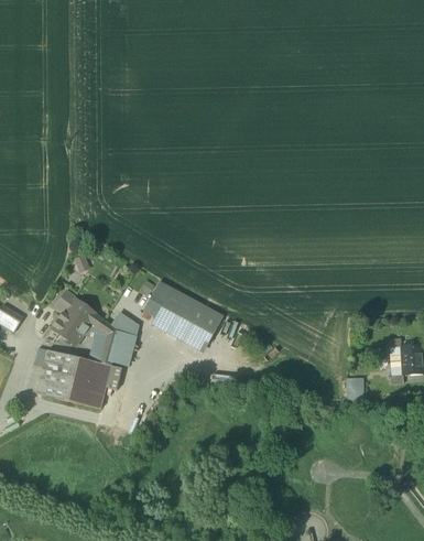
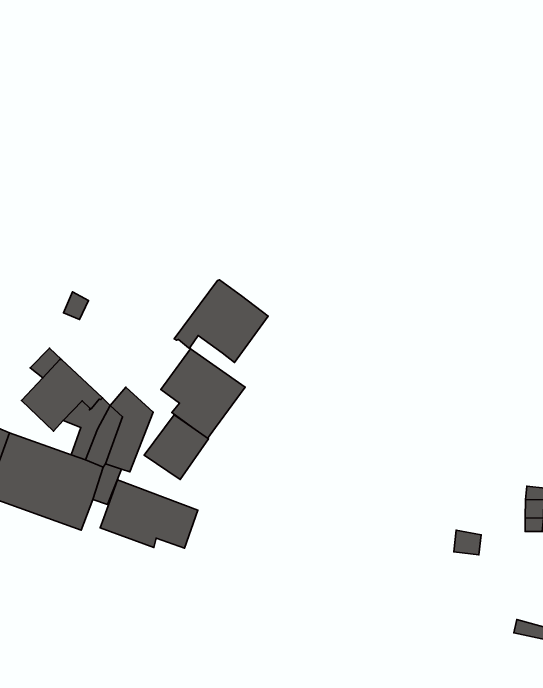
building: none -> [174,280,268,362]
building: [181,302,221,344] -> [144,415,208,480]
building: none -> [100,480,198,548]

